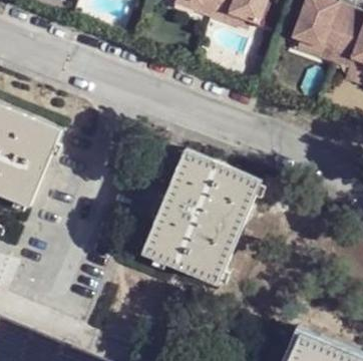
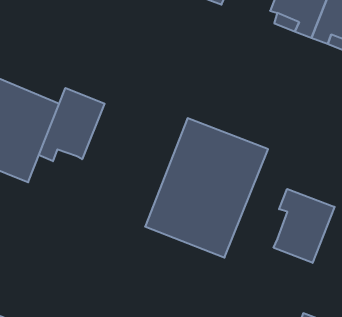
building: none -> [39,88,105,161]
building: none -> [274,189,335,263]

